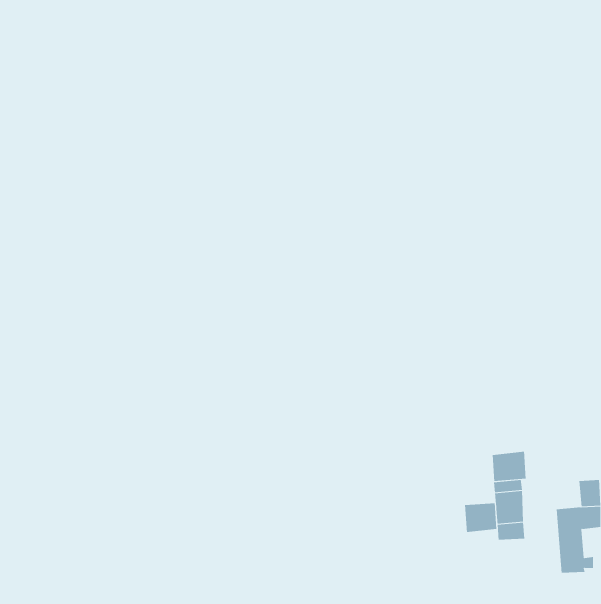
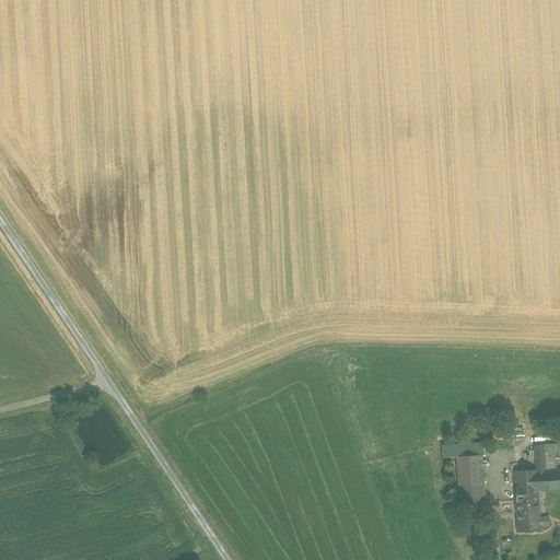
building: [492,451,526,482] -> none
building: [465,502,497,533] -> none

